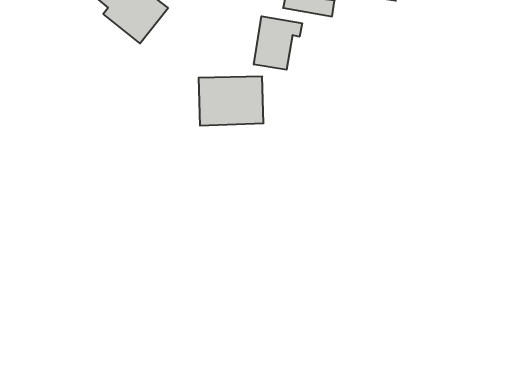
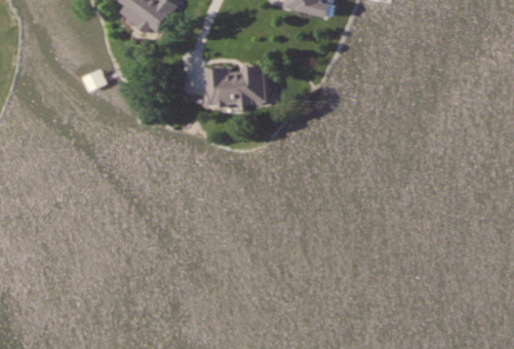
building: [254,16,302,70] -> none

